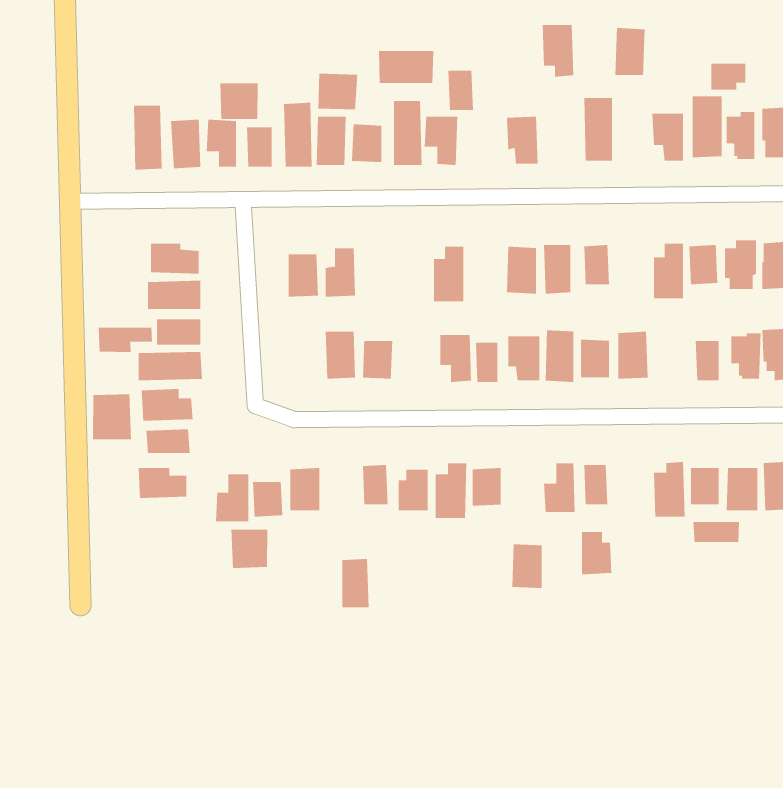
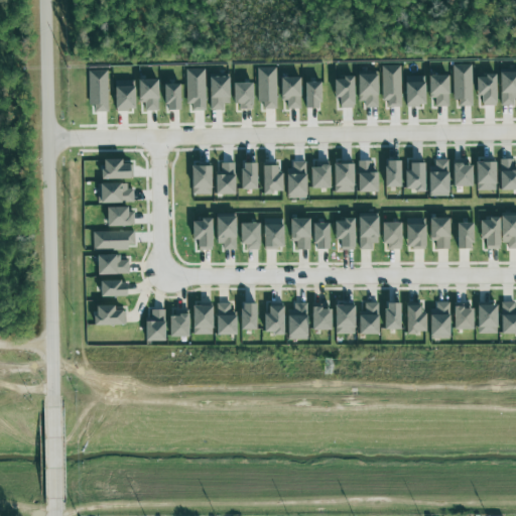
building: [542,24,574,77] -> [359,73,380,107]
building: [614,28,645,76] -> [406,74,426,105]
building: [378,50,434,84] -> none
building: [711,63,746,90] -> none
building: [448,70,474,110] -> [305,81,322,107]
building: [318,73,358,110] -> none
building: [220,83,258,120] -> none
building: none -> [242,162,258,188]
building: none -> [310,162,331,187]
building: none -> [407,162,426,189]
building: none -> [263,164,282,191]
building: [98,327,153,353] -> none
building: none -> [265,217,284,248]
building: none -> [430,217,452,247]
building: none -> [192,219,213,249]
building: [93,393,132,440] -> none
building: [693,521,739,543] -> none
building: [231,529,268,569] -> none
building: [581,531,612,575] -> [407,304,427,333]
building: [511,544,542,589] -> [336,304,356,334]
building: [342,558,369,608] -> [218,301,236,334]

